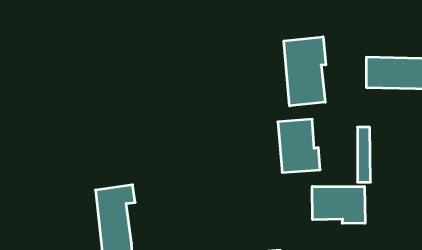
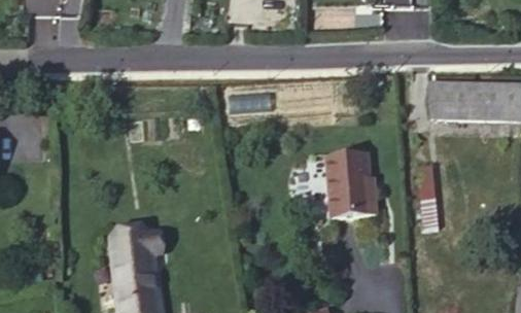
building: [284,37,326,106] -> none
building: [312,186,365,223] -> none

